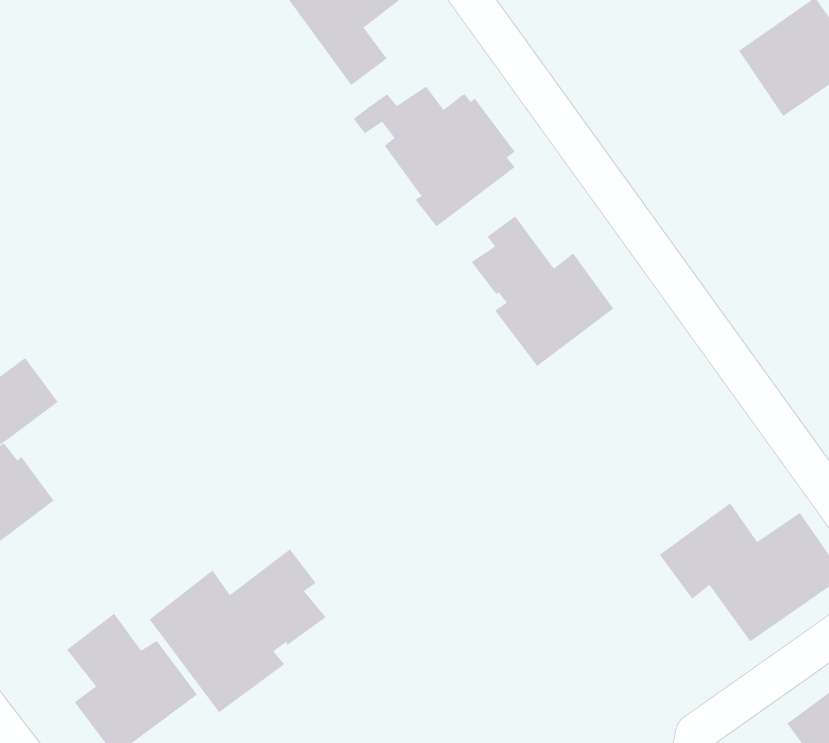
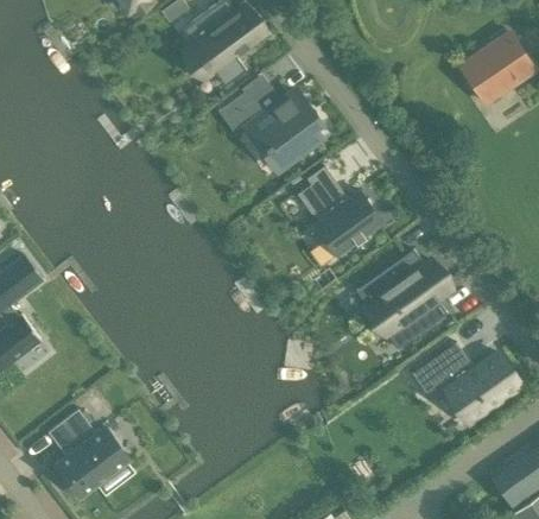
building: none -> [357,251,455,349]
building: [149,548,326,713] -> none

